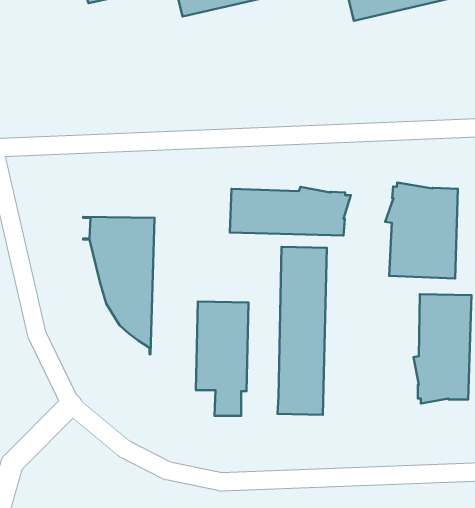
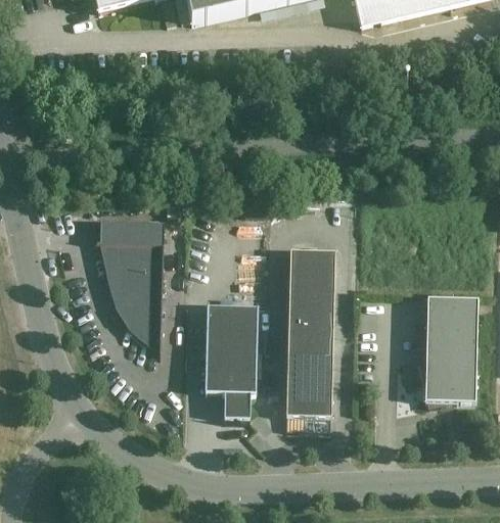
building: [385,182,458,278] -> none
building: [230,187,351,235] -> none

